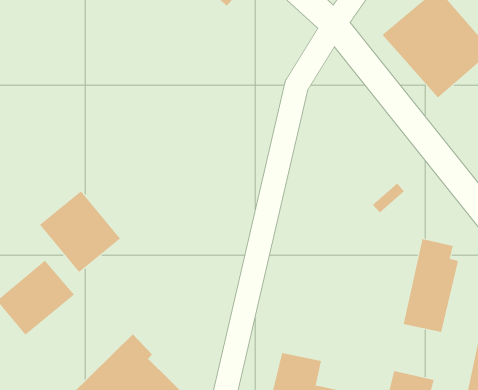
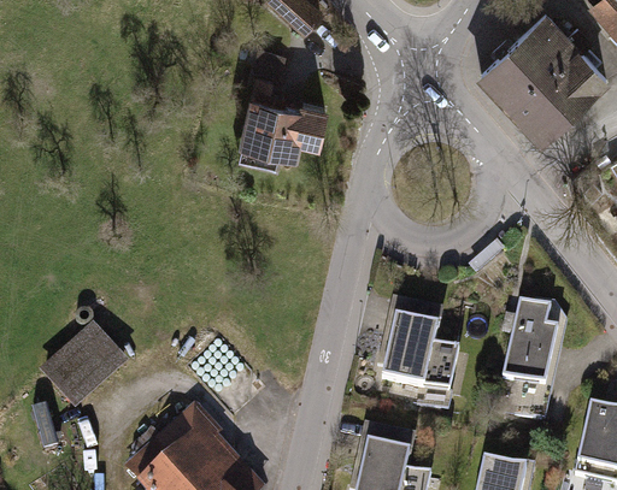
building: none -> [231,71,327,163]
building: [39,191,121,273] -> none
building: none -> [377,308,463,420]

